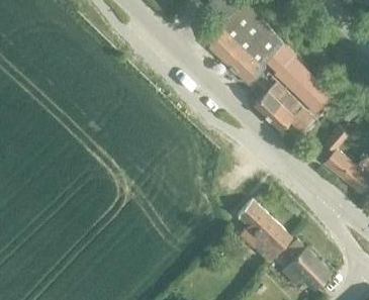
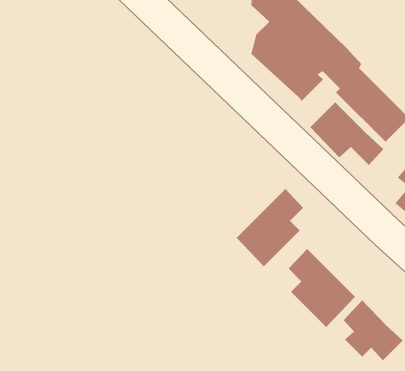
building: none -> [236,188,304,267]

